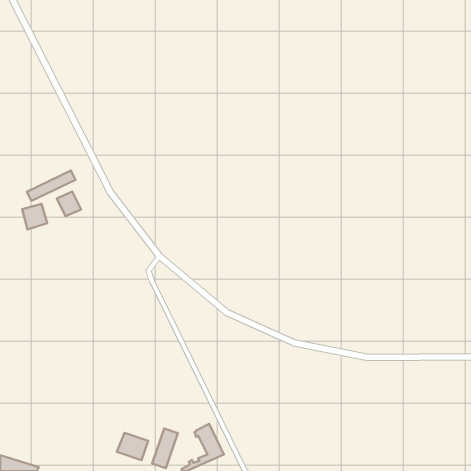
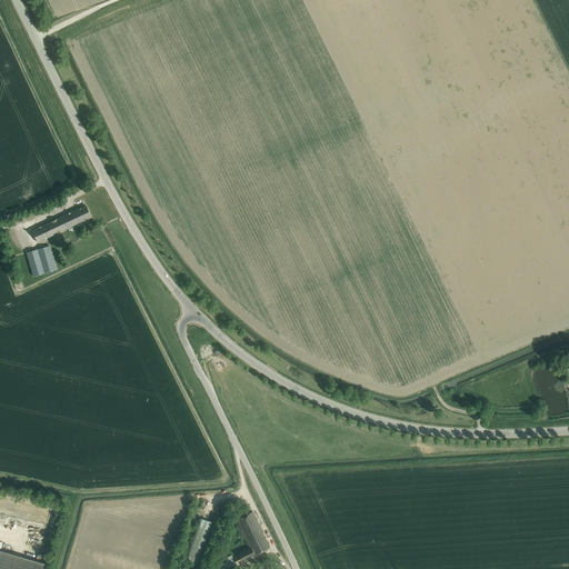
building: [57,191,81,216] -> none
building: [117,433,148,460] -> none

